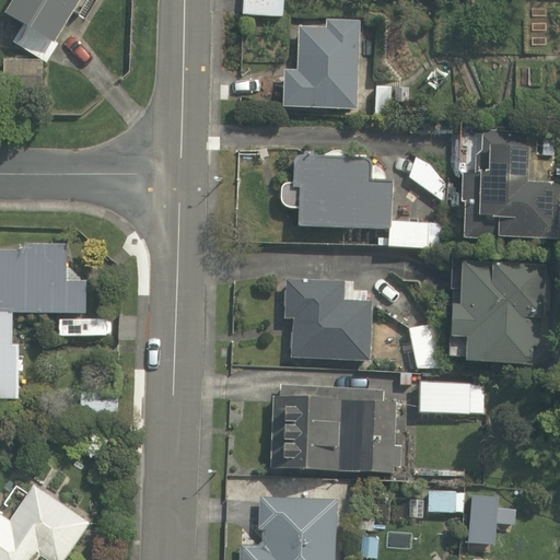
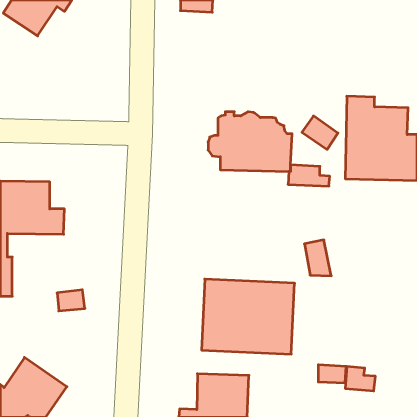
building: [280,15,358,110] -> none
building: [451,257,550,368] -> none
building: [294,275,372,359] -> none
building: [417,372,486,417] -> none

